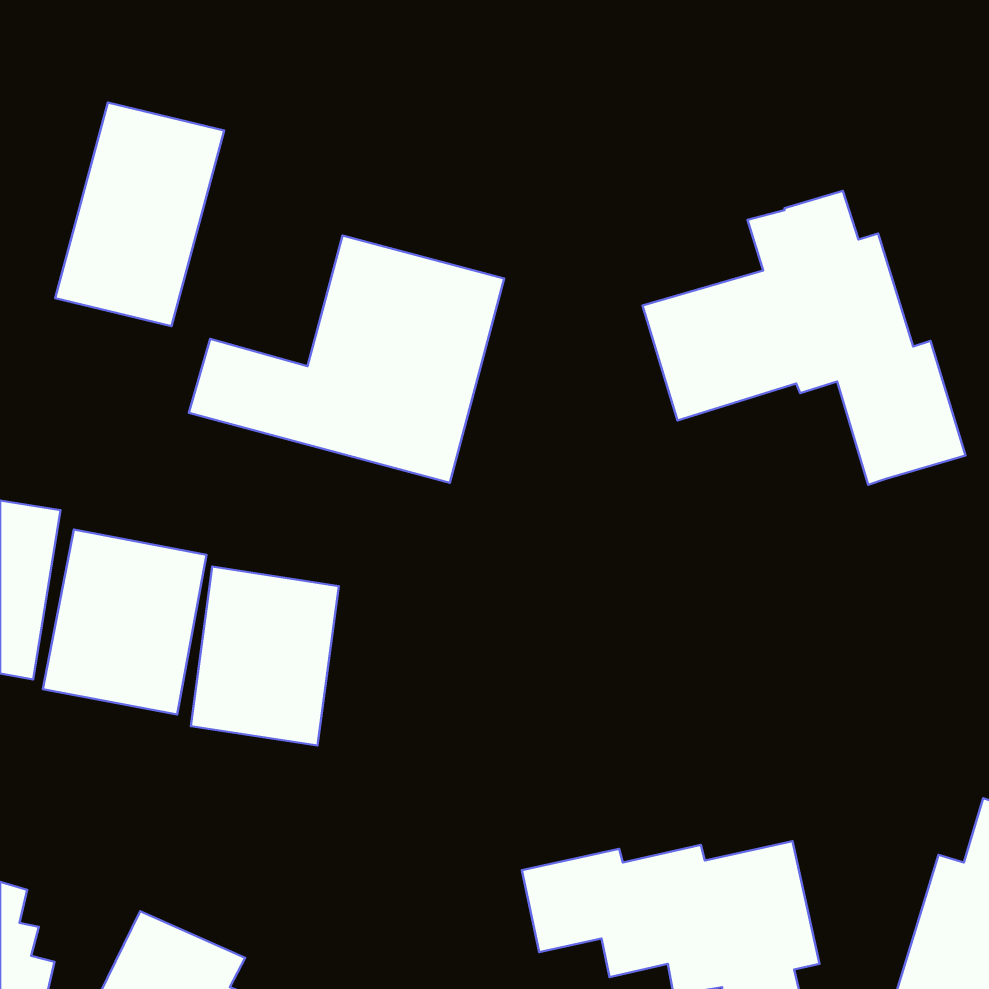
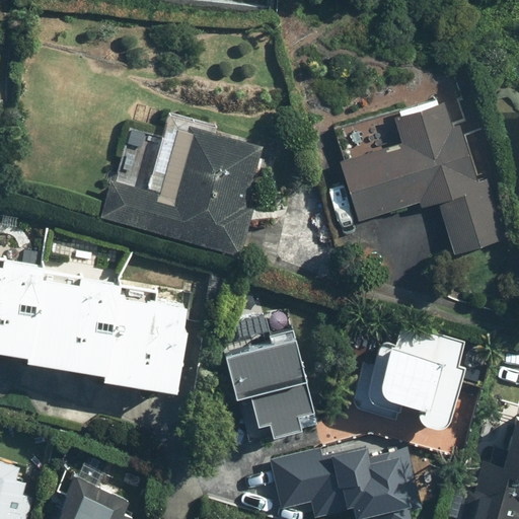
building: [55,103,224,326] -> none
building: none -> [223,328,312,437]
building: none -> [363,328,463,428]

